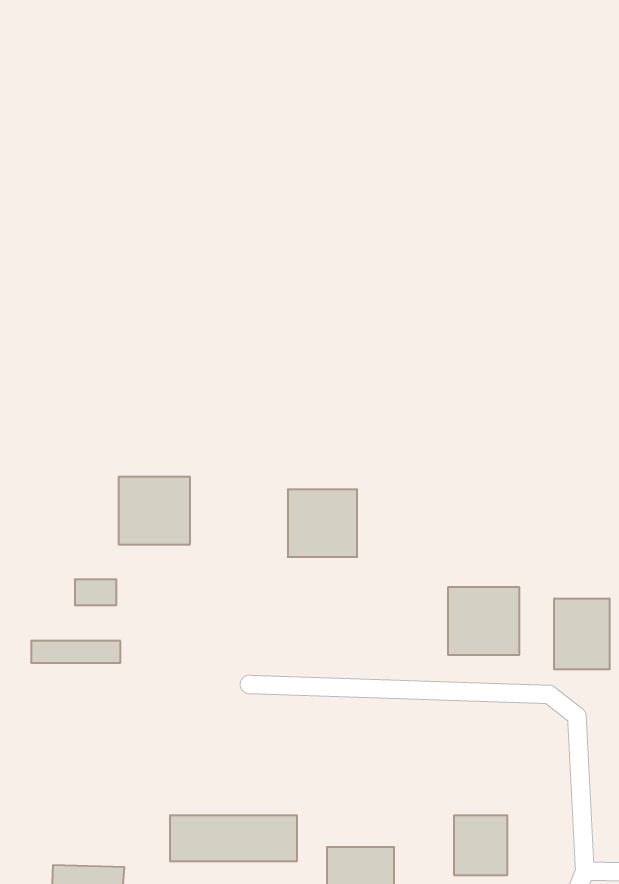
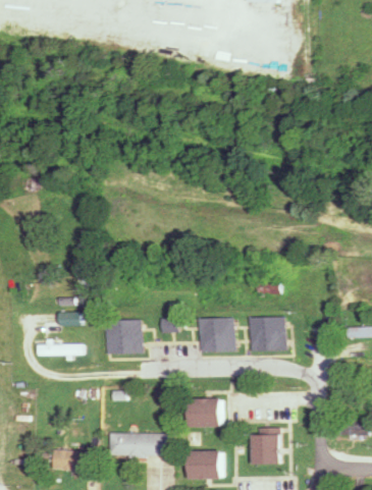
building: [119,477,190,544] -> [103,320,140,355]
building: [288,489,357,557] -> [199,318,234,352]
building: [554,598,609,669] -> none
building: none -> [187,399,220,428]

